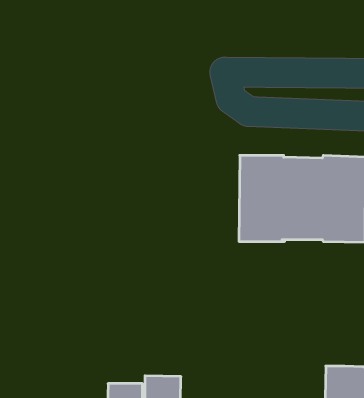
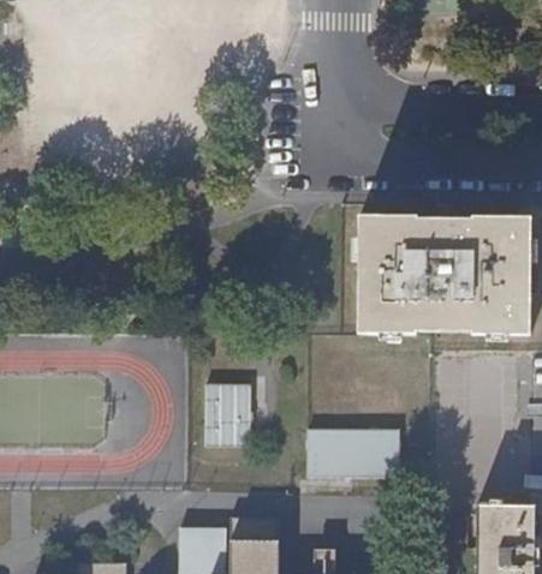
building: none -> [203,390,251,453]
building: none -> [304,431,398,479]

